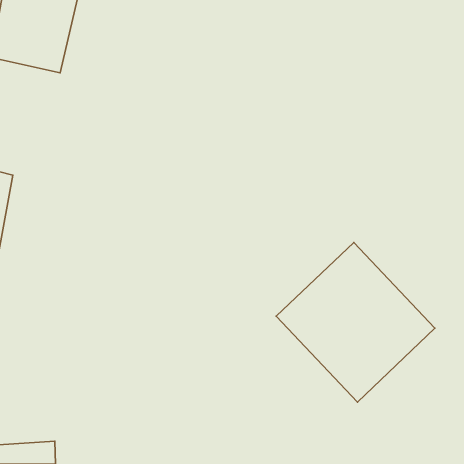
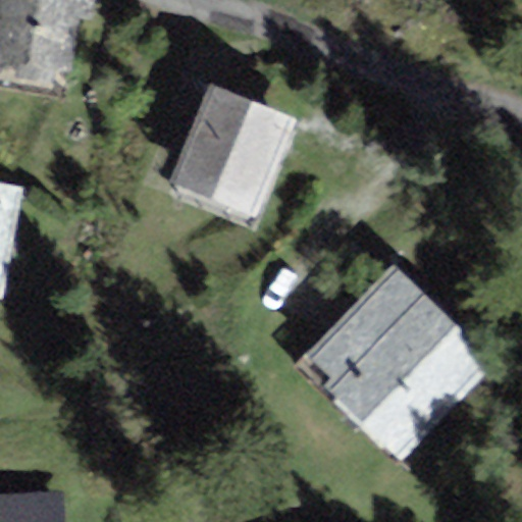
building: none -> [177,93,284,208]

